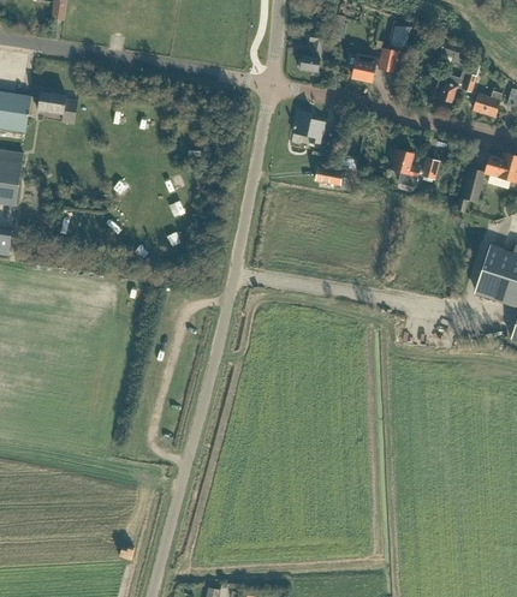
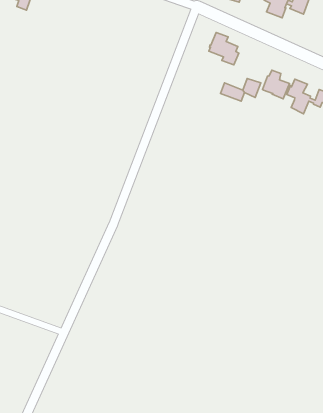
building: none -> [263,70,290,99]

